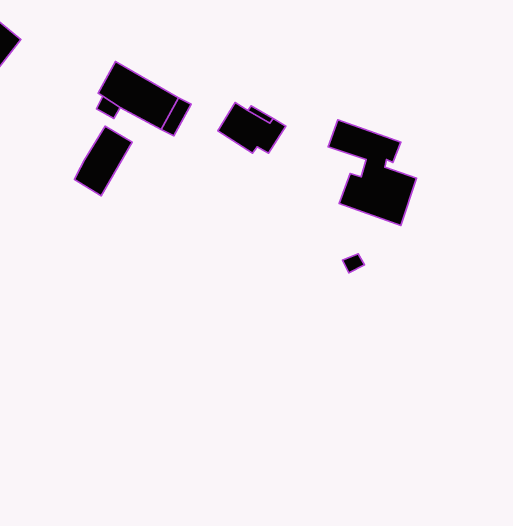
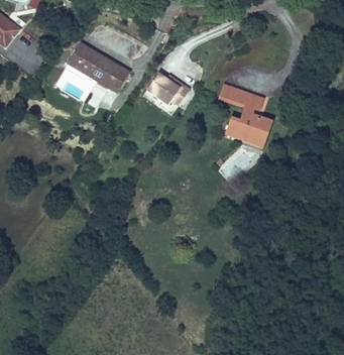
building: [74,126,132,196] -> none

